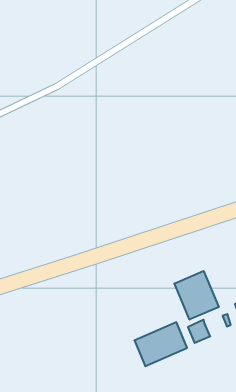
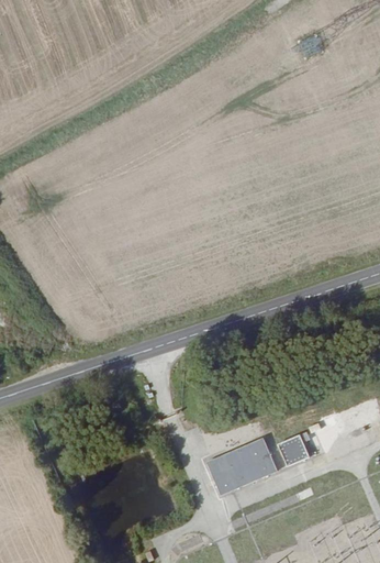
building: [174,271,219,320] -> none

